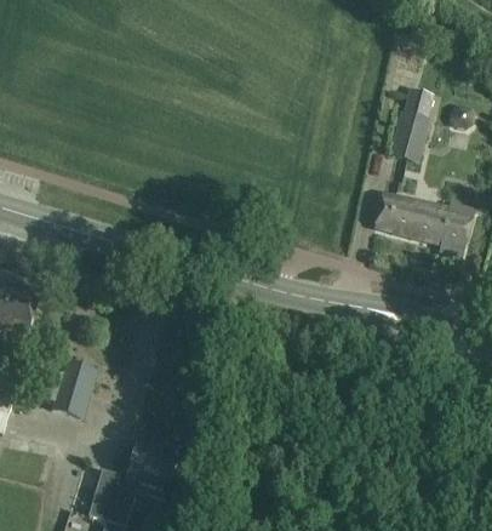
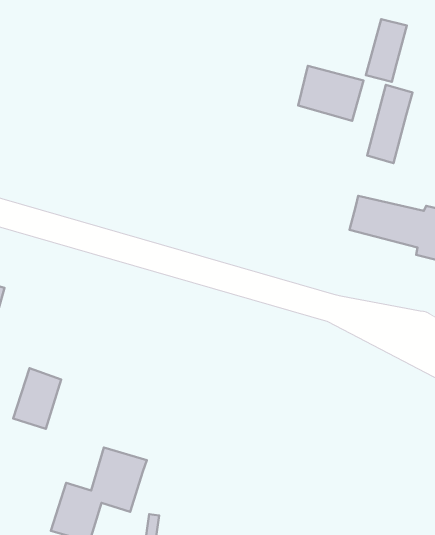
building: none -> [366,19,407,82]
building: none -> [298,66,364,121]

